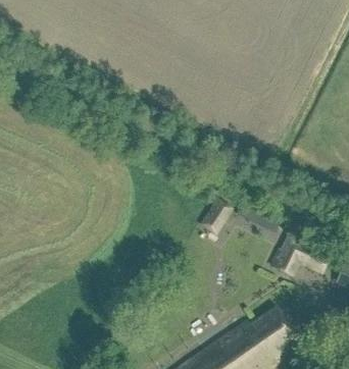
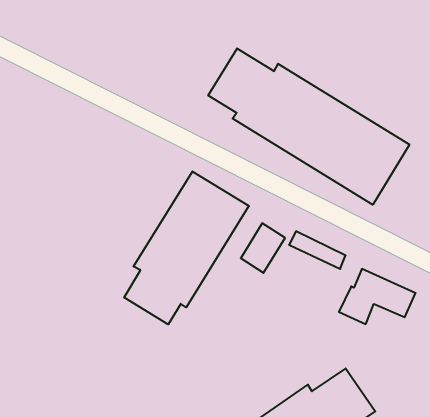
building: none -> [208,48,409,205]
building: none -> [124,171,249,324]

